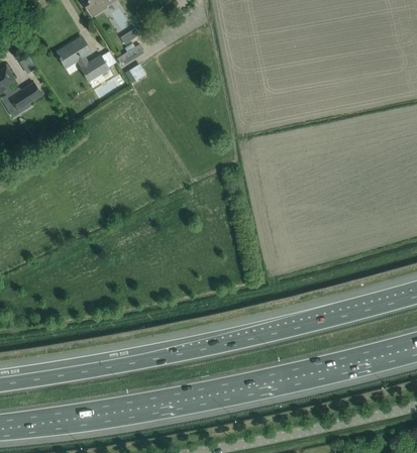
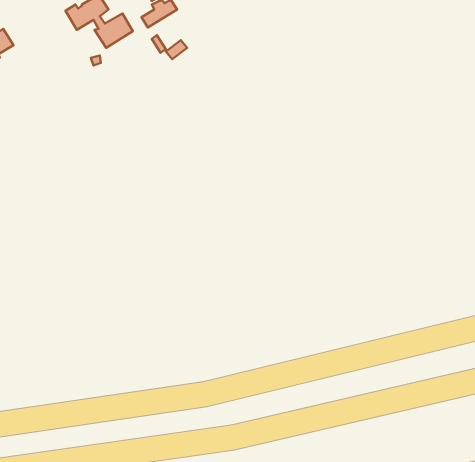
building: [9,82,41,110] -> none

